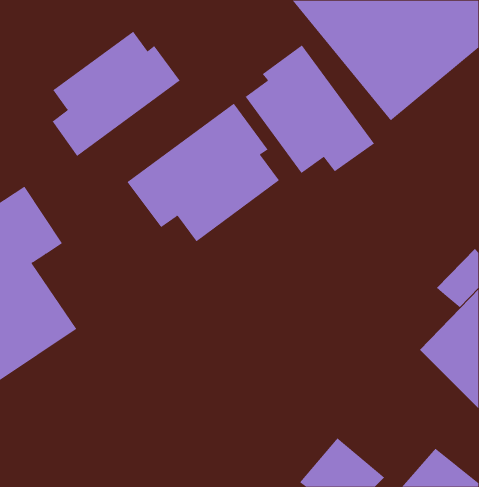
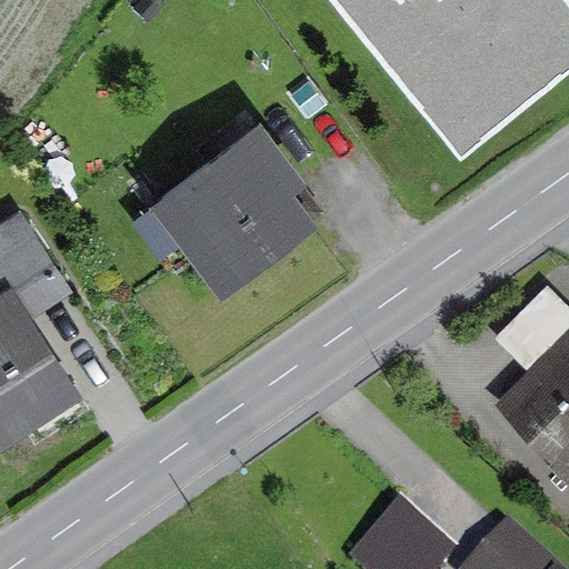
building: [52,31,180,157] -> none
building: [245,44,375,174] -> none

